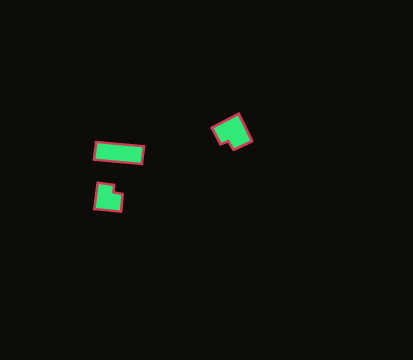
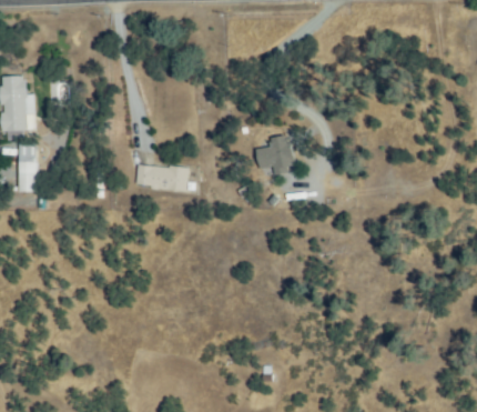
building: [94,183,122,212] -> none

